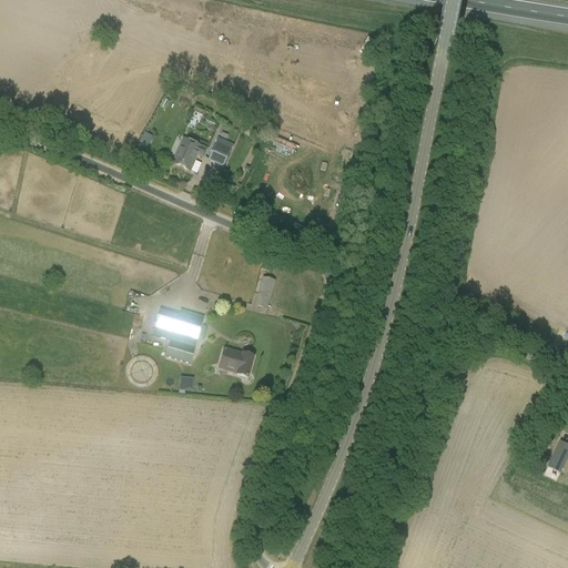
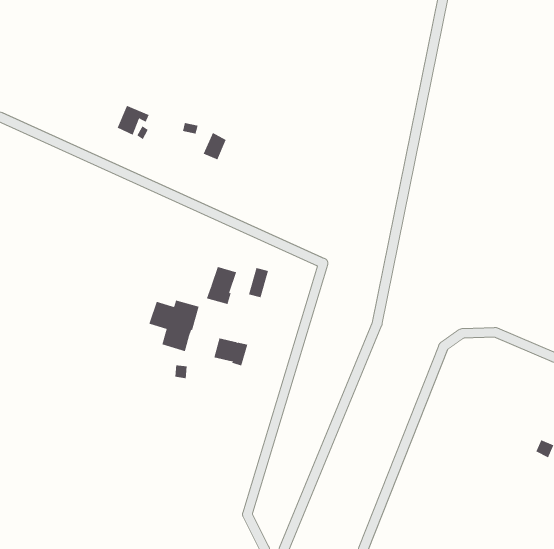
building: [173,136,206,168] -> [117,105,149,135]
building: none -> [206,266,237,305]

